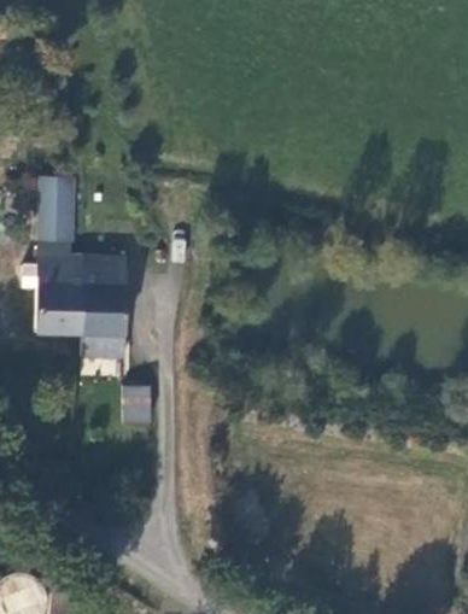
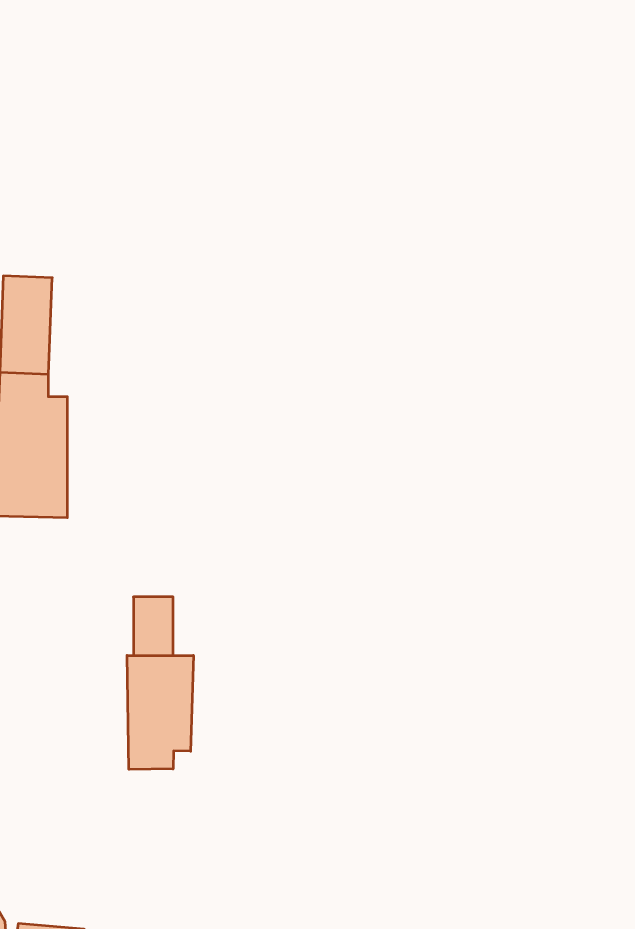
building: [82,259,124,338] -> none
building: none -> [127,655,193,769]

